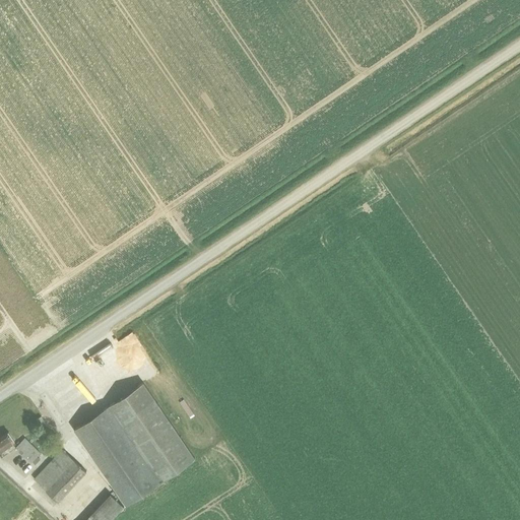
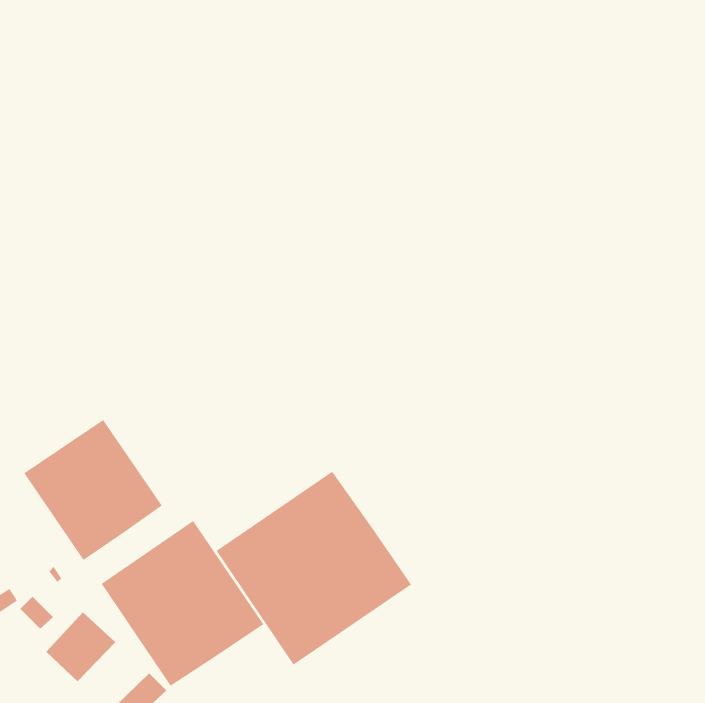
building: none -> [24,419,162,561]
building: none -> [216,471,412,666]

